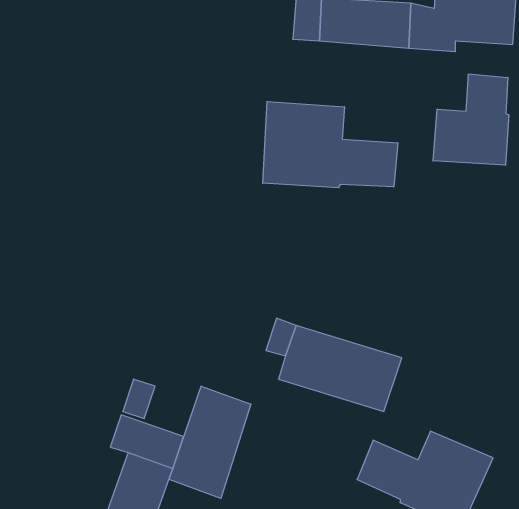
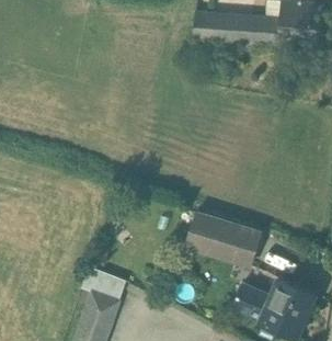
building: [433,74,509,165] -> none
building: [263,101,398,188] -> none
building: [169,386,251,498] -> none

